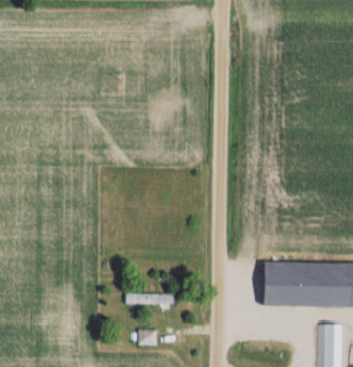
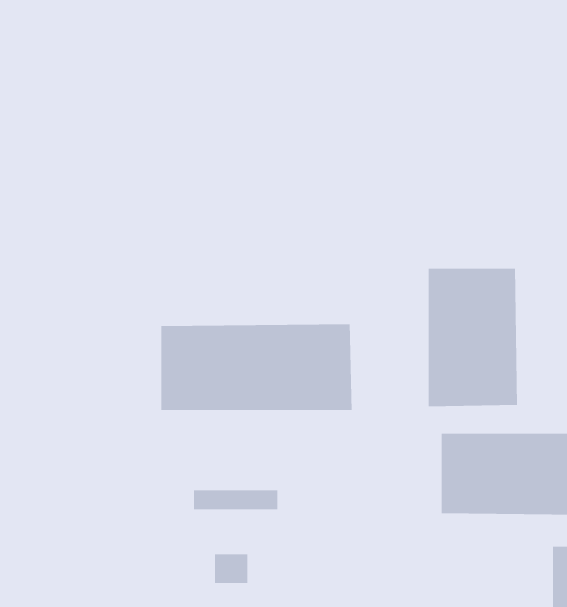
building: none -> [428,268,518,407]
building: none -> [161,323,353,411]

